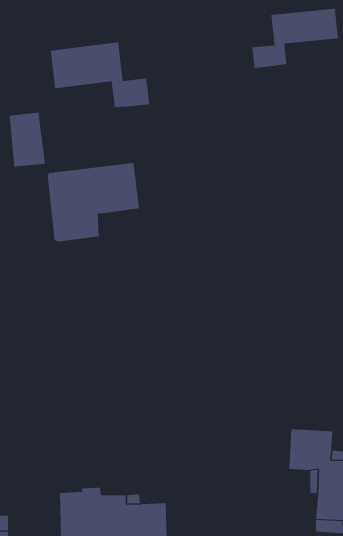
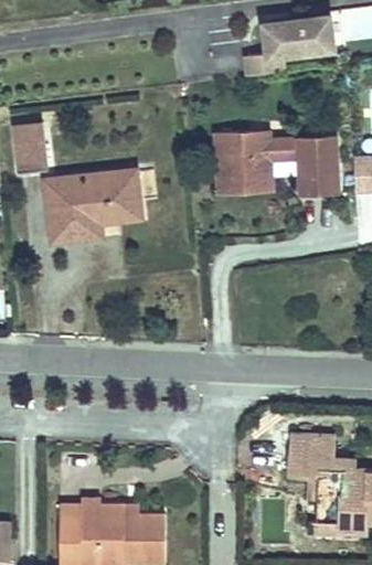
building: [50,41,150,108] -> none
building: none -> [213,131,337,195]

